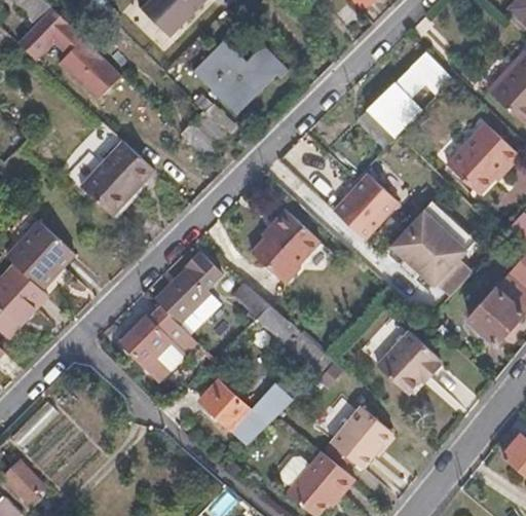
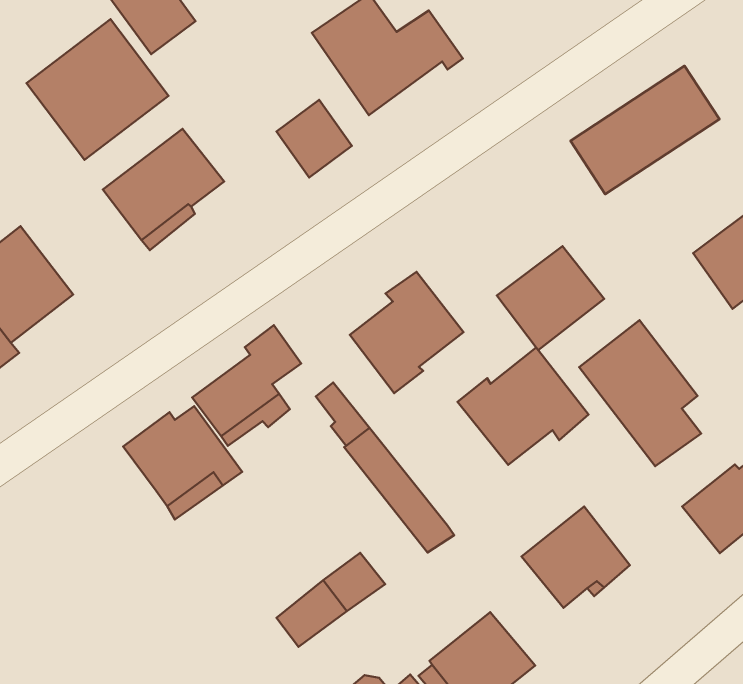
building: none -> [26,19,169,160]
building: none -> [458,348,589,465]
building: [200,380,250,430] -> none

